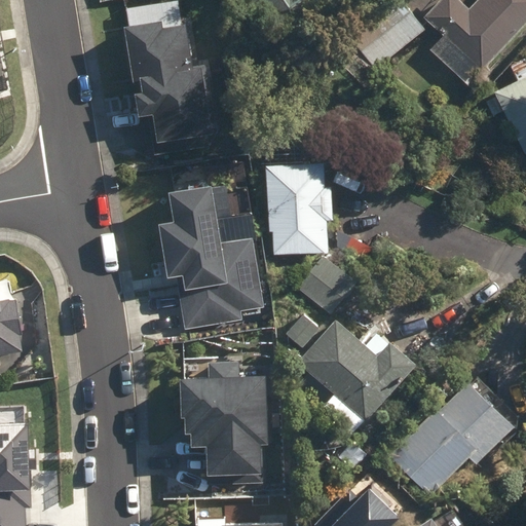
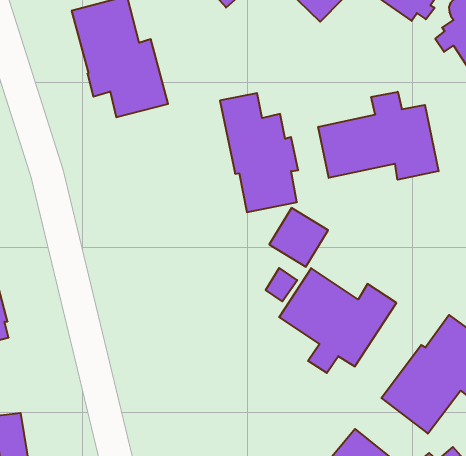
building: none -> [318,92,439,180]
building: [160,190,261,328] -> none
building: [182,364,265,482] -> none

